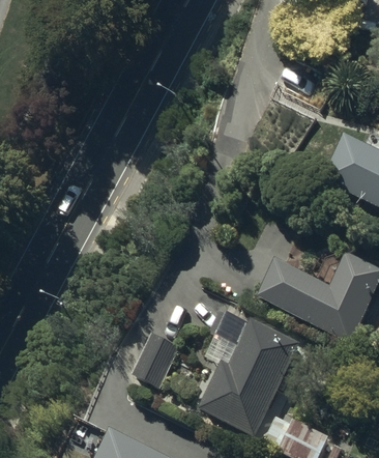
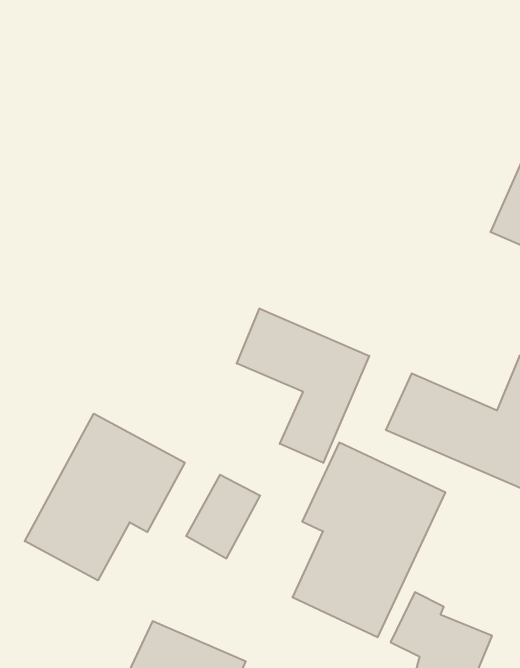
building: none -> [237,308,369,463]
building: none -> [25,414,185,580]

